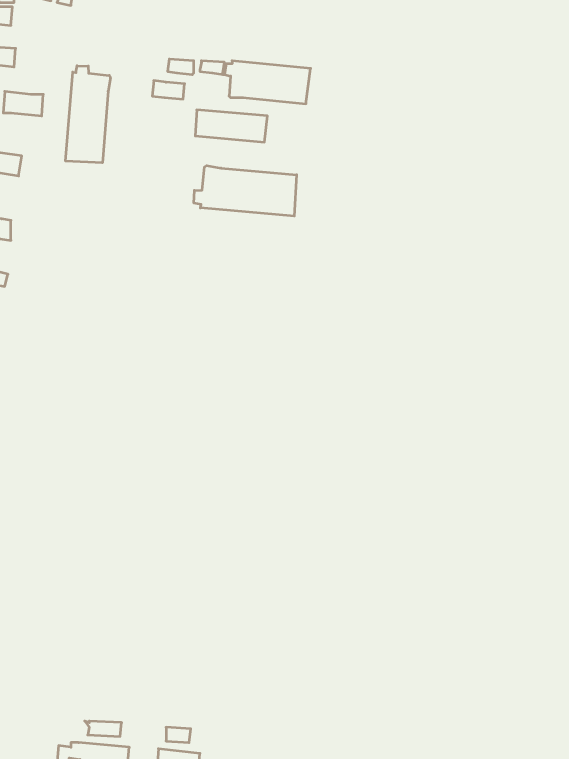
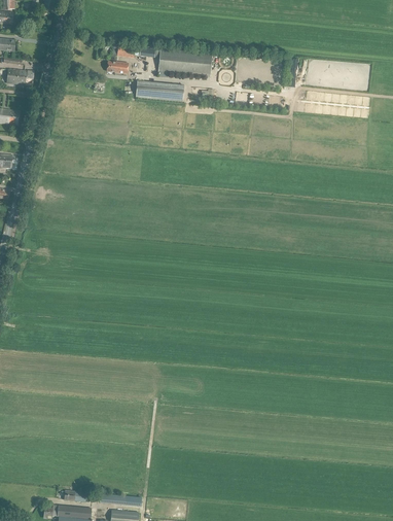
building: [66,66,110,163] -> none
building: [194,166,297,216] -> none

